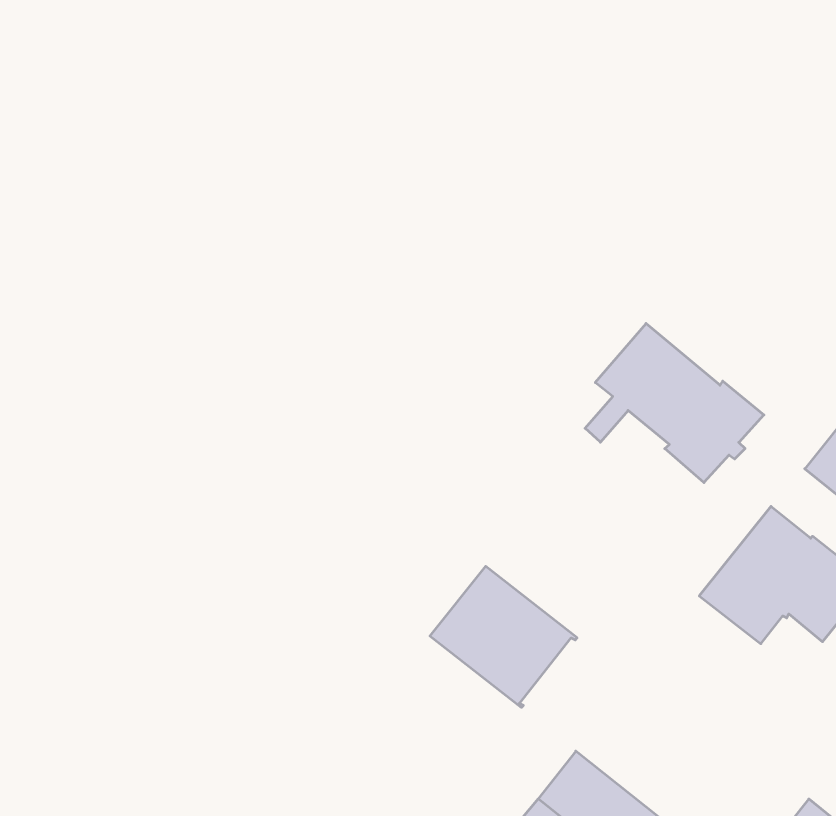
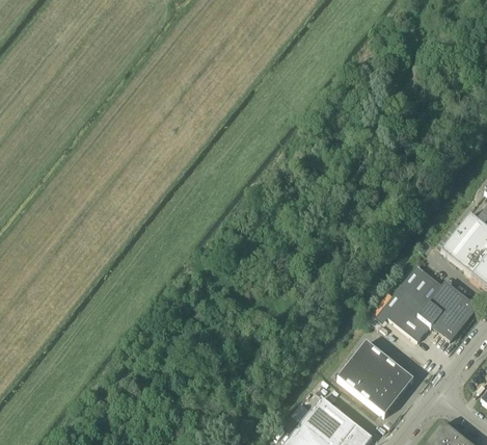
building: [585,323,764,483] -> none
building: [430,566,577,707] -> [336,341,413,415]

